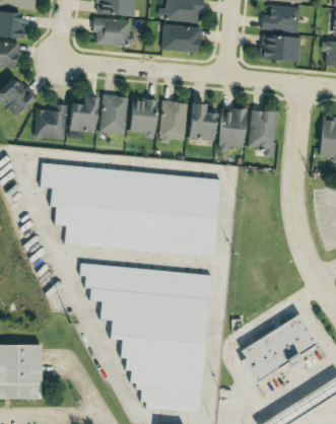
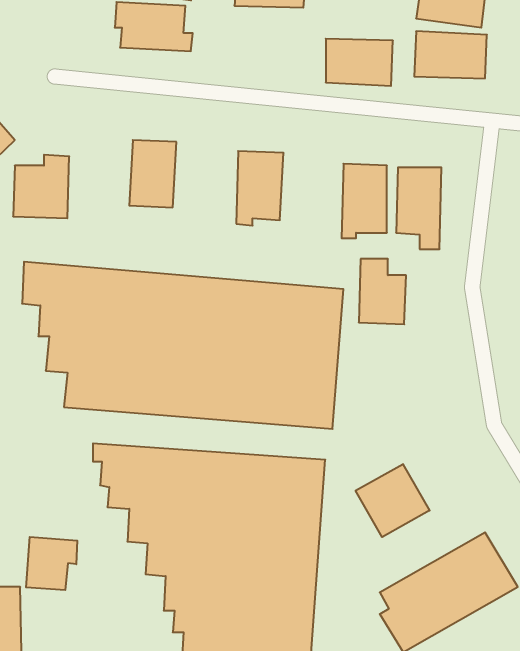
building: [163,25,201,52] -> [326,39,393,86]
building: [70,96,96,132] -> none
building: [130,99,156,135] -> none
building: [189,103,215,140] -> [359,259,406,324]
building: none -> [356,464,430,537]
building: none -> [26,537,77,590]

